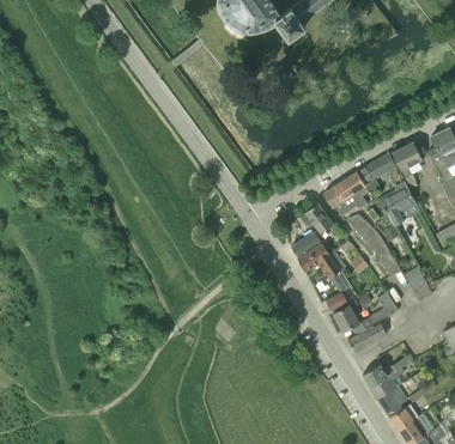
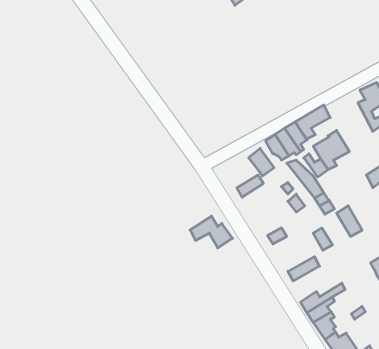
building: [392,141,423,189] -> none
building: [298,243,346,279] -> [190,216,233,248]
building: [333,305,375,334] -> none

